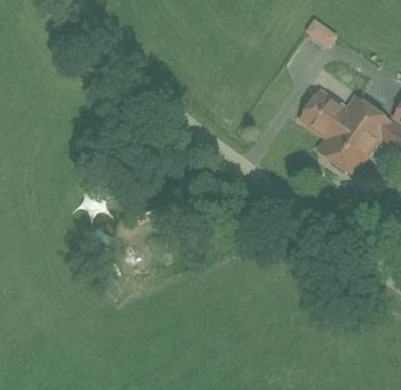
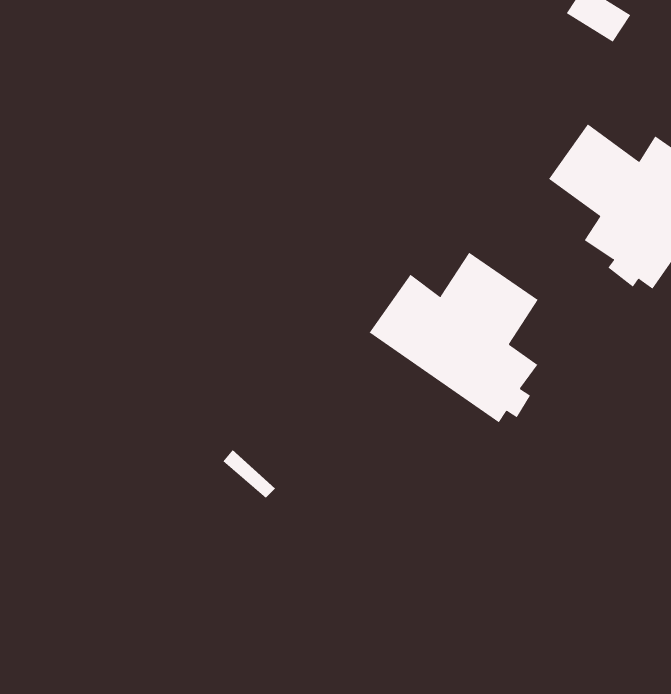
building: none -> [369,252,539,423]

